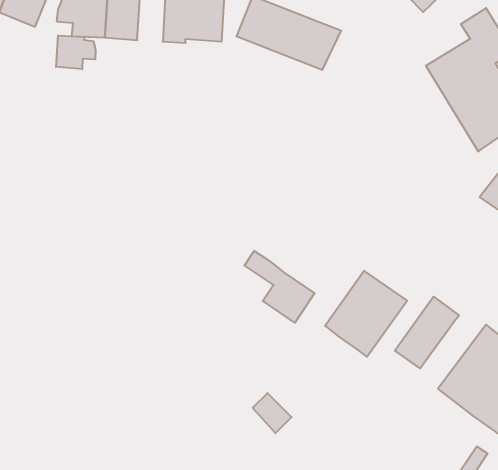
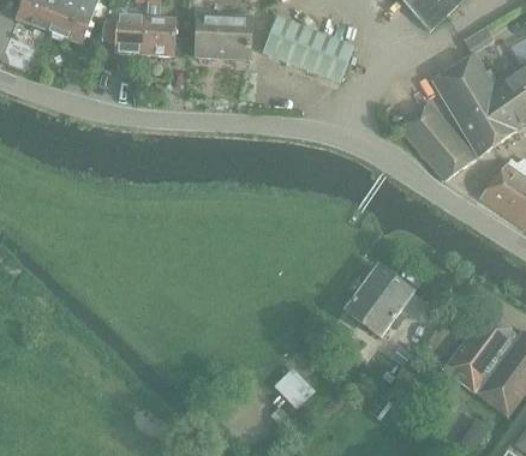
building: [56,35,96,69] -> none
building: none -> [400,101,477,179]
building: [244,251,315,323] -> none
building: [395,297,459,368] -> none

